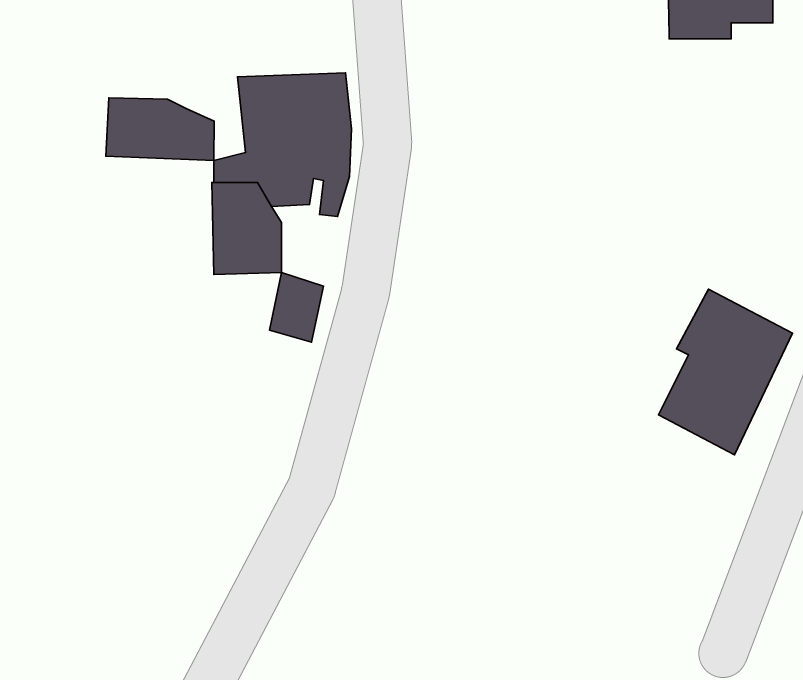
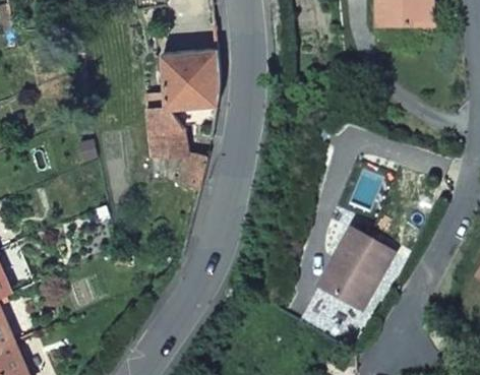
building: [106,98,214,161] -> none
building: [659,289,792,455] -> [327,228,396,312]

